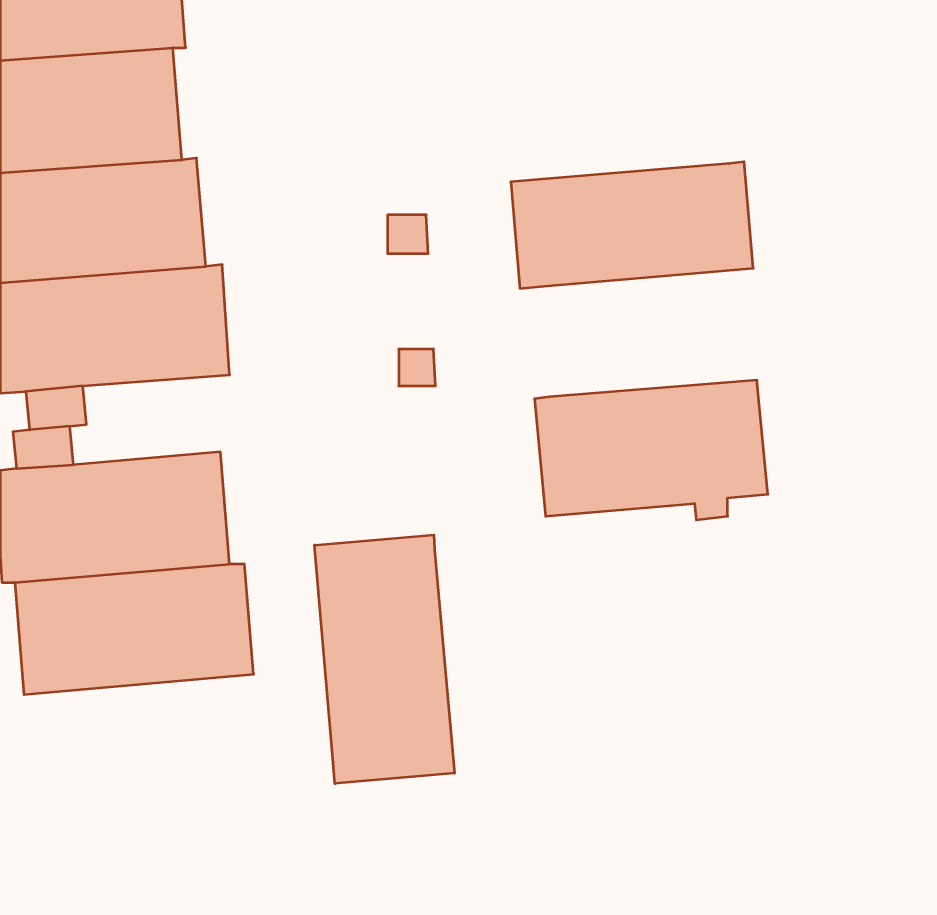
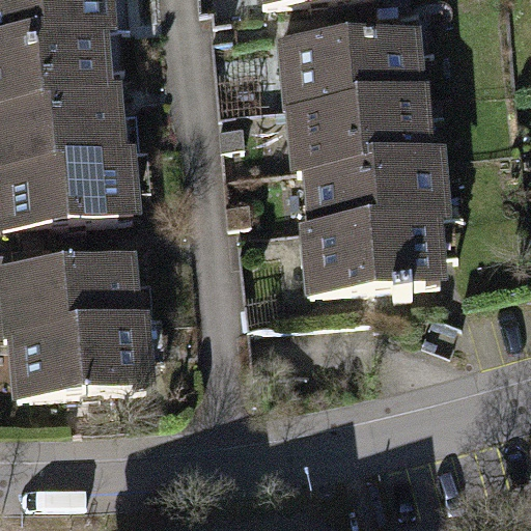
building: none -> [278,30,413,103]
building: none -> [306,150,440,224]
building: [315,535,454,784] -> none

